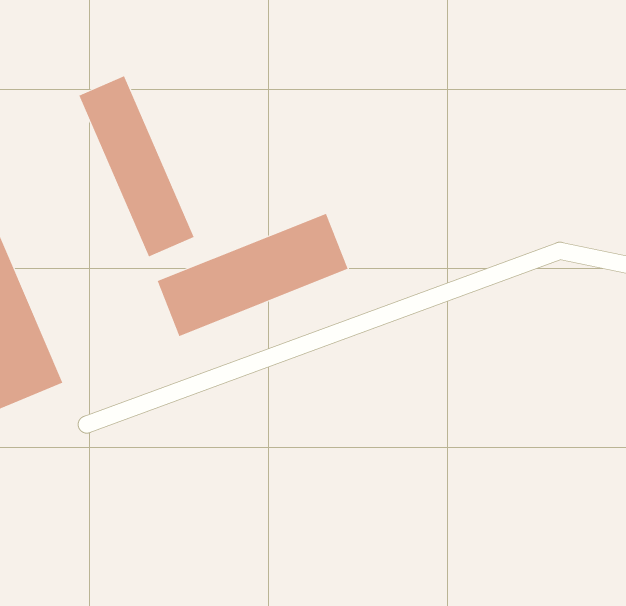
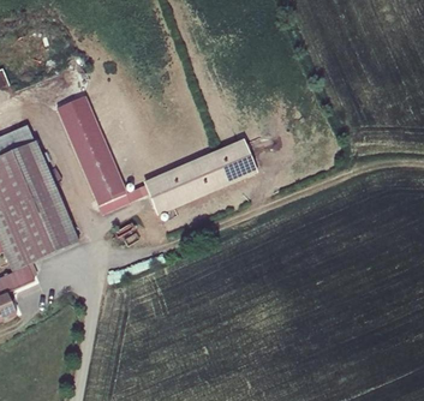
building: [79,76,194,257] -> [58,96,127,205]

